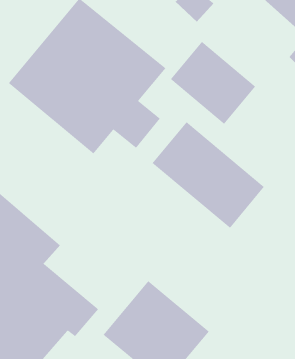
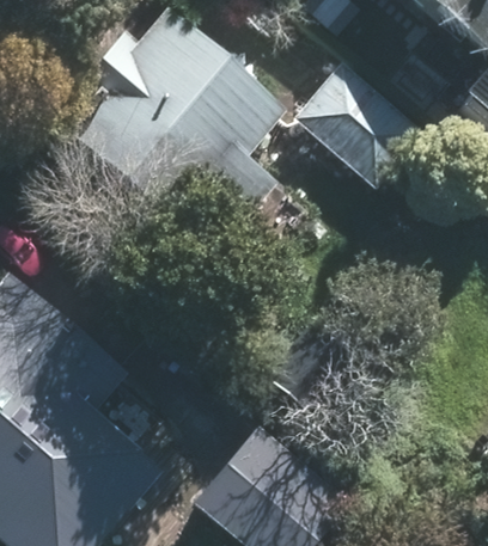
building: [152,121,265,229] -> none

